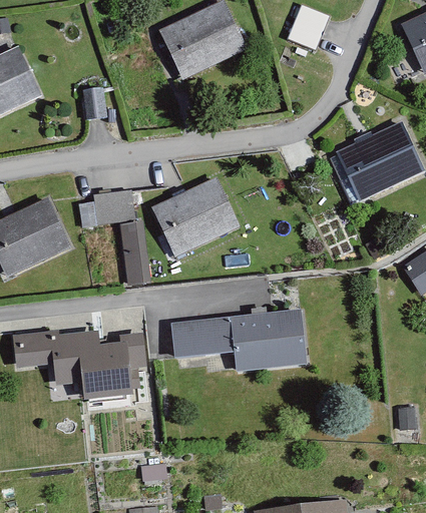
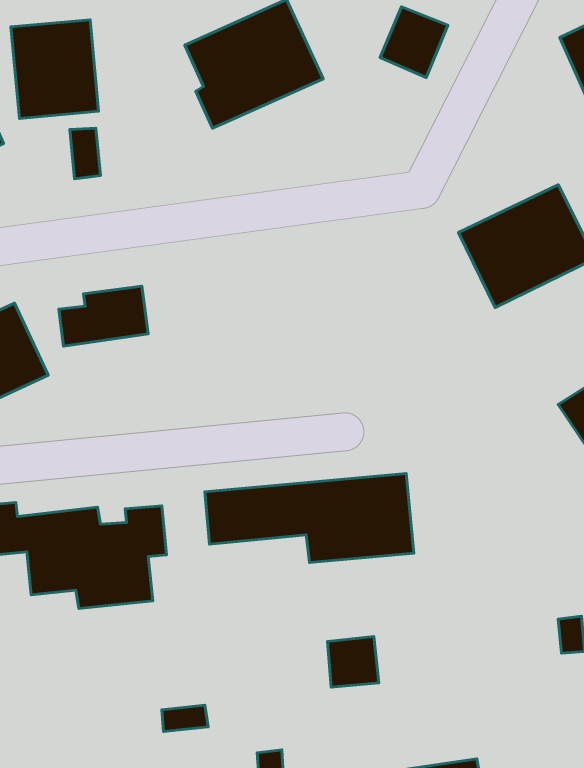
building: none -> [11,20,99,118]
building: [151,176,240,255] -> none
building: [119,221,150,285] -> none
building: none -> [327,637,379,687]

